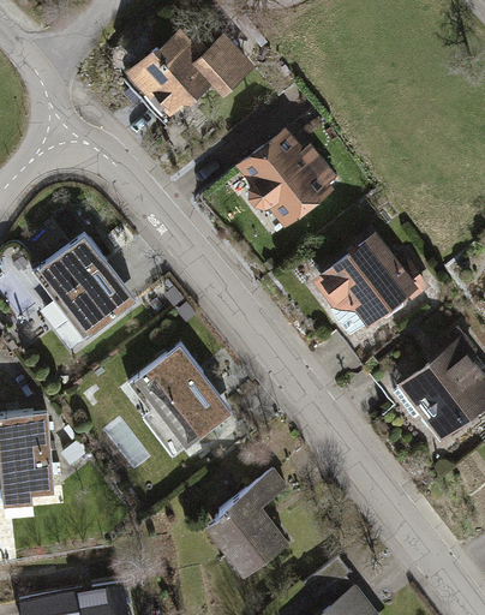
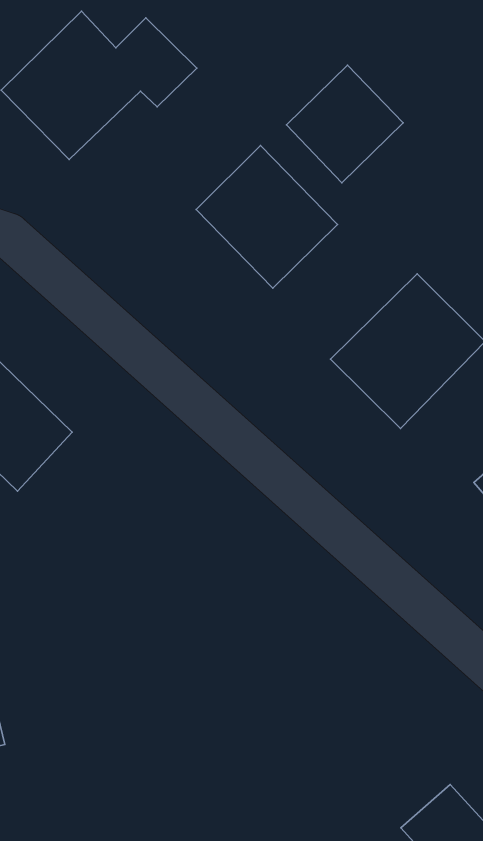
building: none -> [286,65,403,183]
building: [127,345,233,458] -> none
building: [206,480,291,583] -> none

